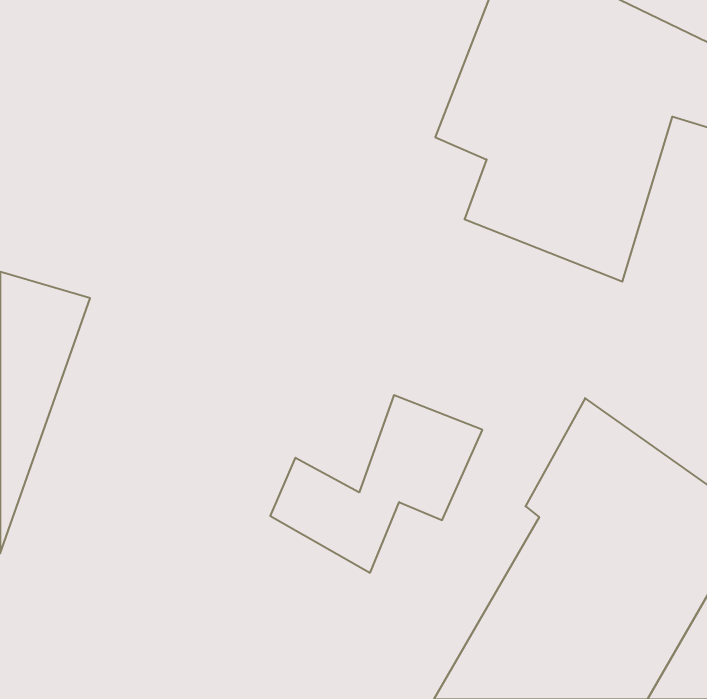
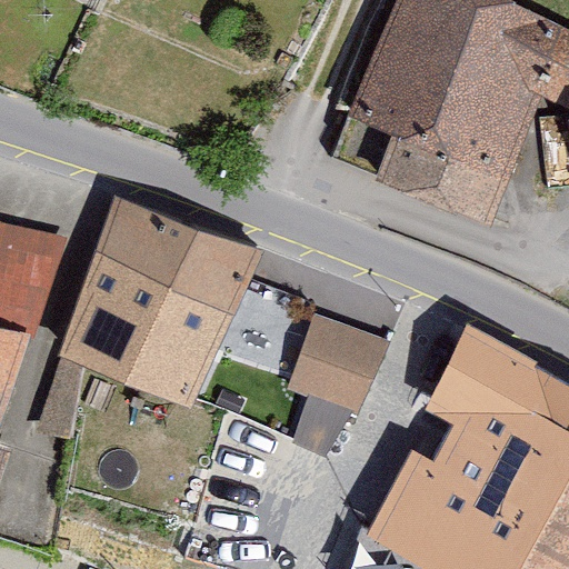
building: none -> [67,204,251,401]

